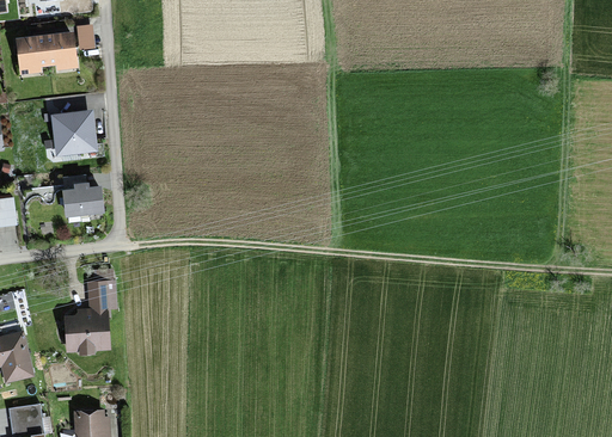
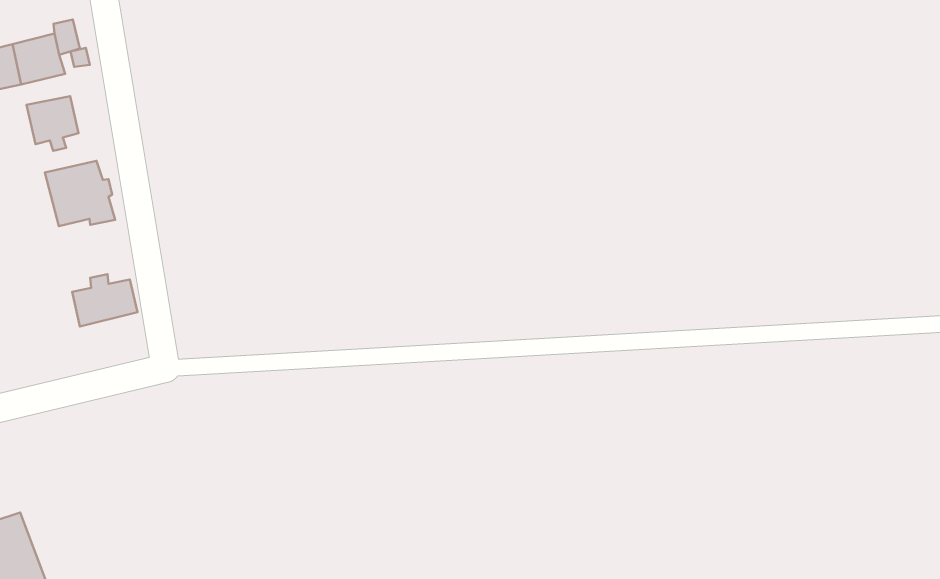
building: none -> [26,96,79,151]
building: [67,282,114,352] -> none

